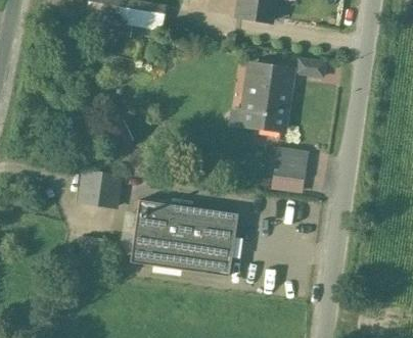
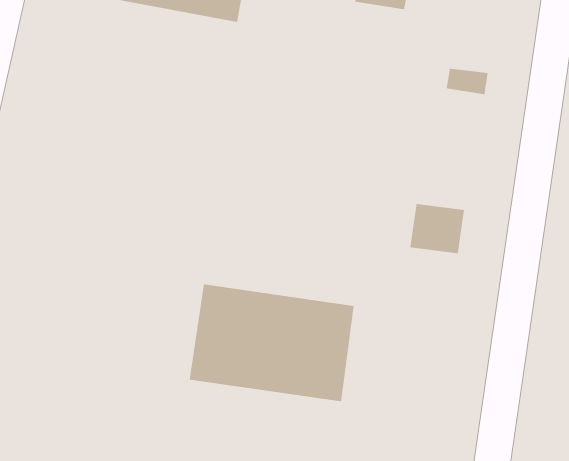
building: [242,64,291,131] -> none
building: [80,170,121,206] -> none

